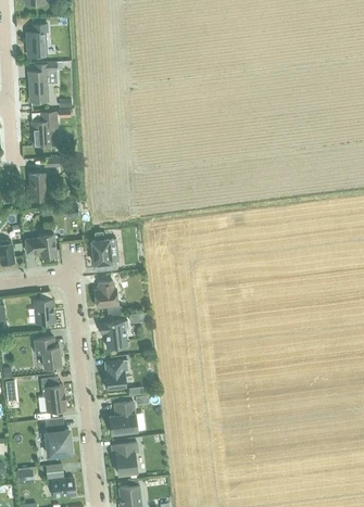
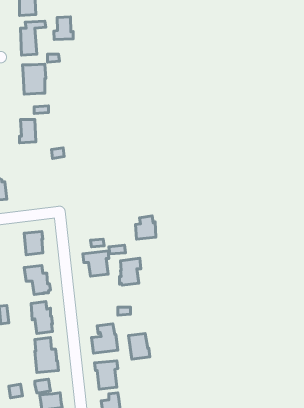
building: none -> [54,17,73,40]
building: [92,232,117,271] -> none
building: [25,233,57,258] -> none
building: [95,281,117,307] -> [136,216,156,239]
building: [104,359,128,390] -> [119,258,141,285]
building: none -> [128,333,150,359]

